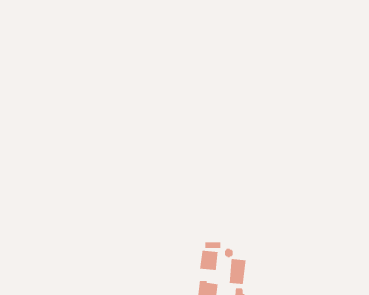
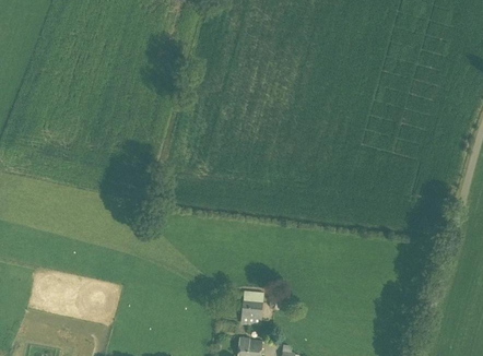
building: [229,258,246,285] -> none

